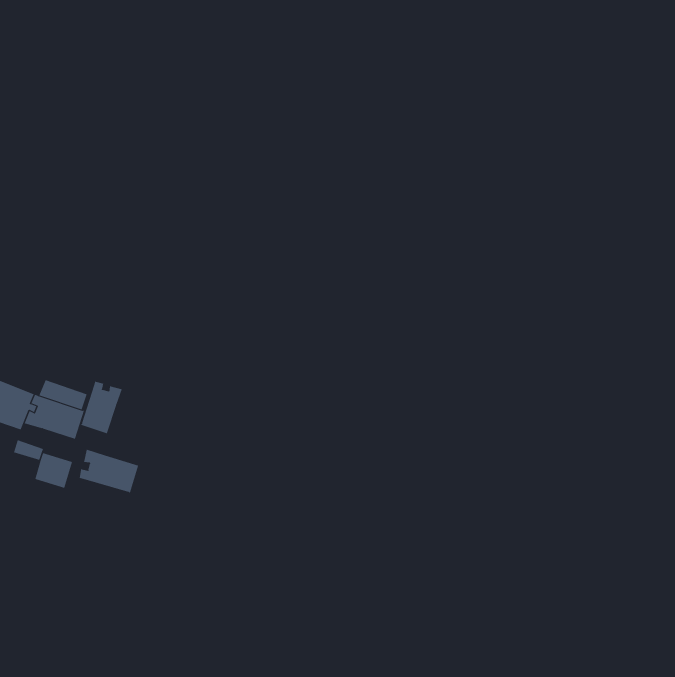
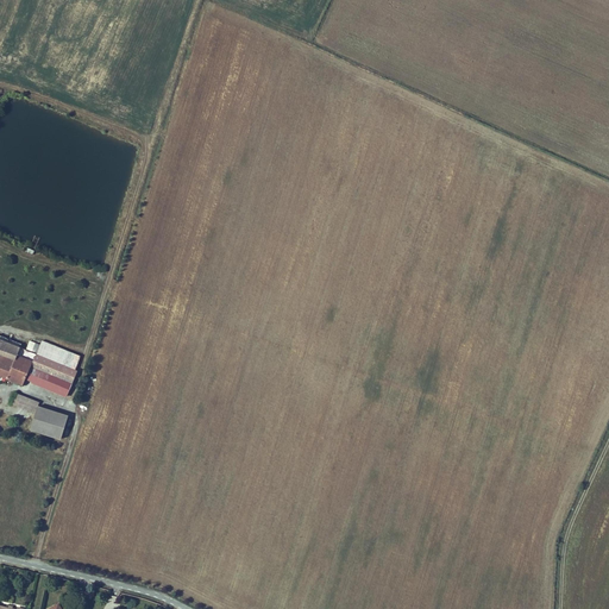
building: [80,381,123,434] -> none
building: [79,449,139,494] -> none

